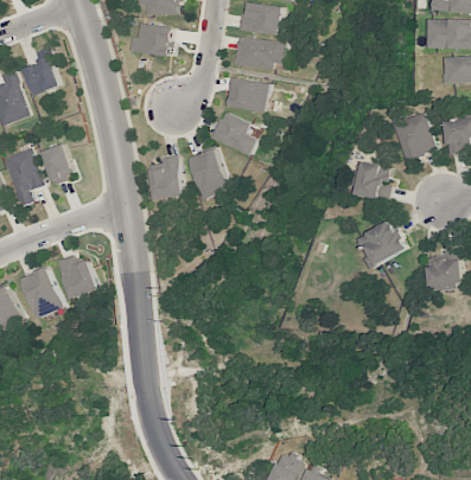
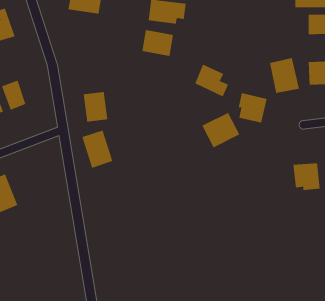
building: [210,111,255,155] -> [194,64,229,97]
building: [187,148,229,199] -> [82,130,113,168]
building: [355,220,406,268] -> [202,112,240,148]
building: [56,255,97,299] -> none

